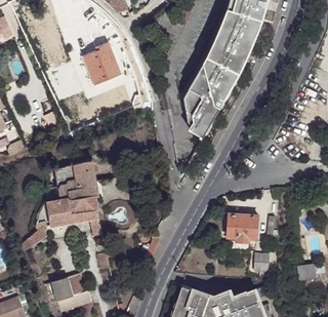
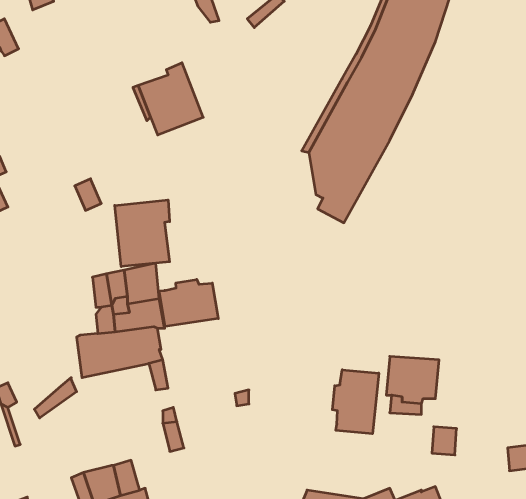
building: none -> [115,200,170,267]
building: none -> [159,279,218,327]
building: none -> [332,370,379,434]

